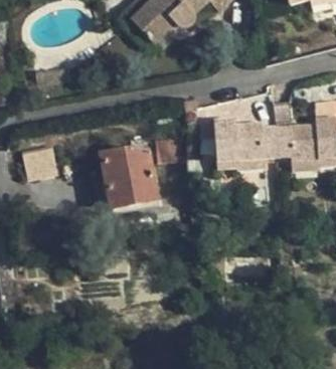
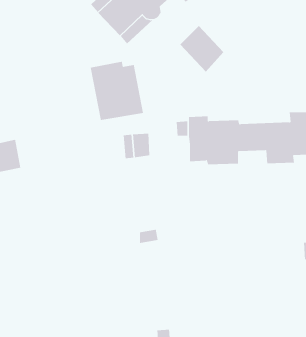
building: none -> [180,25,224,73]
building: [102,148,155,206] -> [90,61,144,120]

